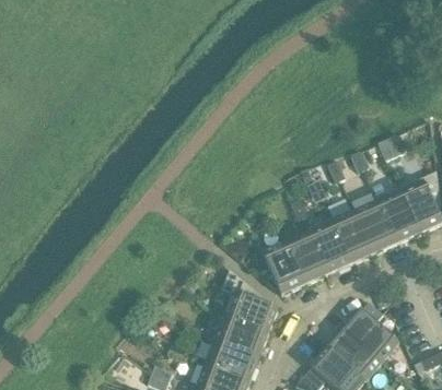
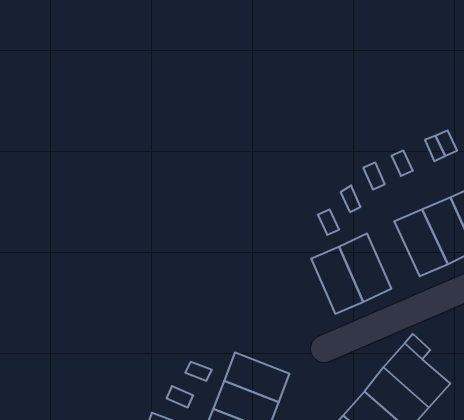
building: [330,209,373,263] -> none
building: [252,239,304,295] -> none
building: [222,269,277,333] -> none

